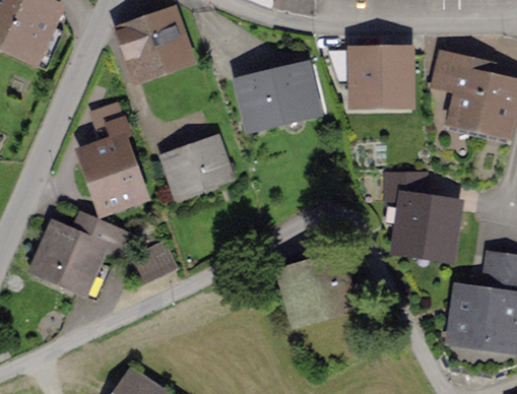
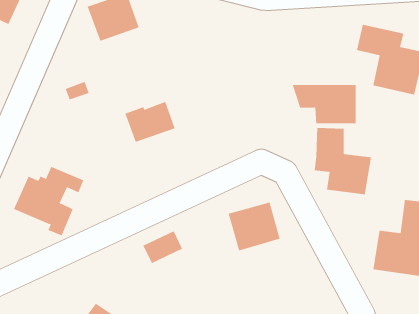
building: [332,56,407,102] -> [292,84,357,124]
building: [245,70,313,120] -> none
building: [88,144,139,208] -> none
building: [129,245,176,283] -> [143,230,183,264]

